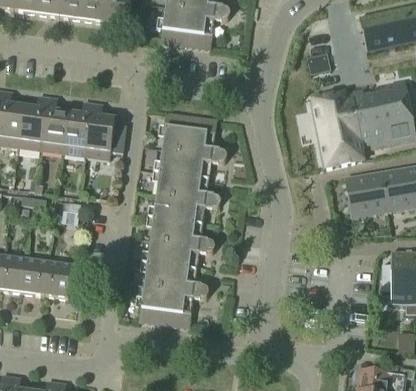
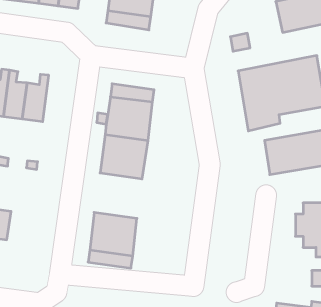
building: [86,103,125,160] -> none
building: [146,217,202,270] -> none
building: [44,262,72,299] -> none

